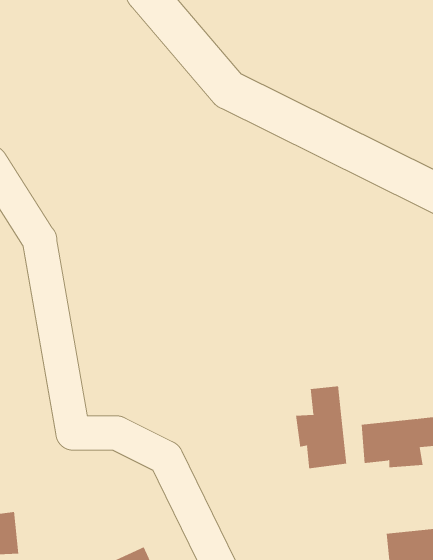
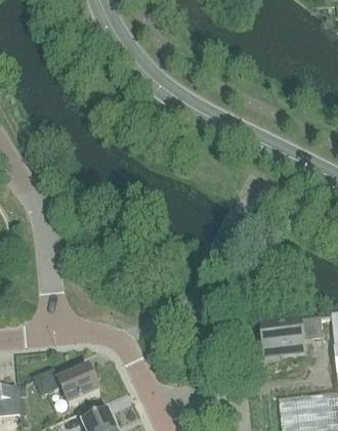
building: [296,385,347,469] -> none
building: none -> [34,362,99,402]

